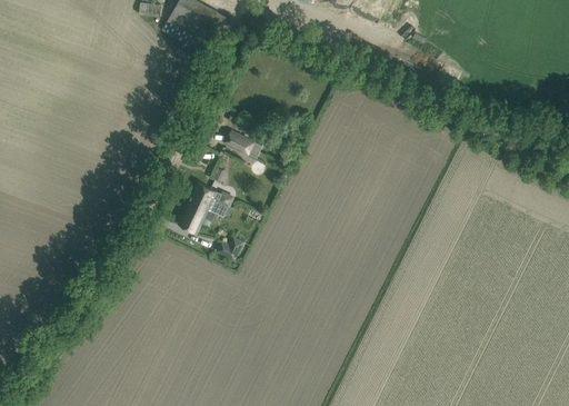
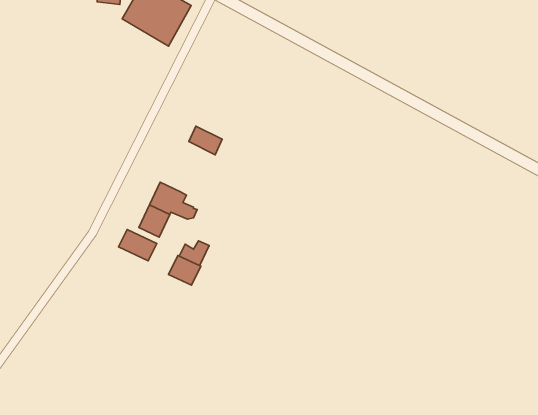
building: none -> [118,229,157,261]
building: none -> [169,256,201,285]

